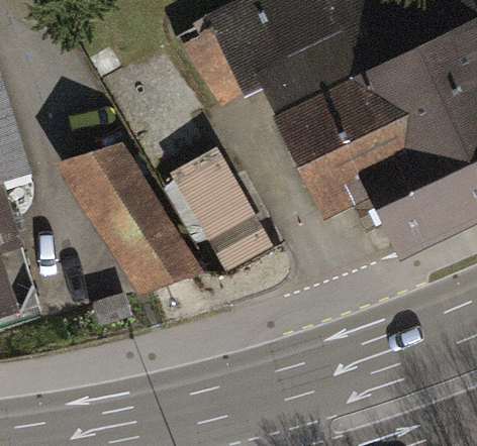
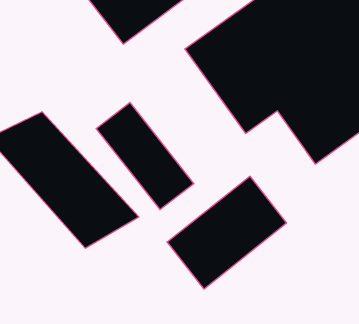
building: none -> [167,176,286,289]

